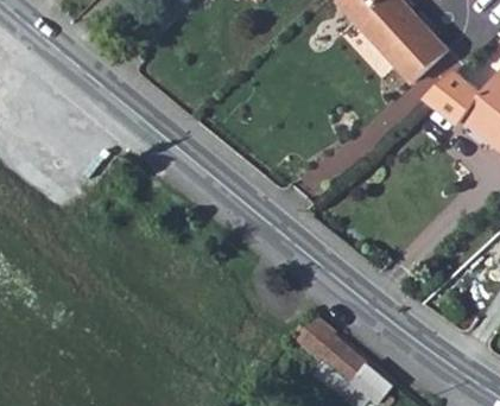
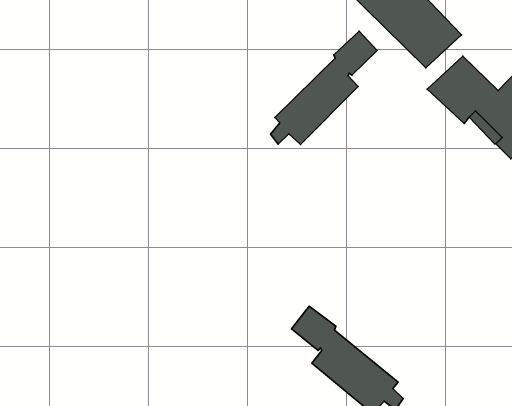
building: none -> [270,31,377,144]

